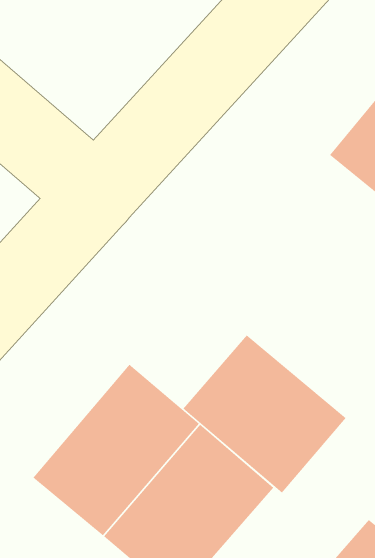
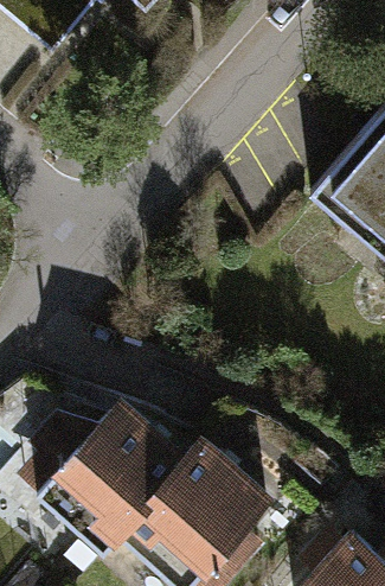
building: [182,334,346,494] -> none

